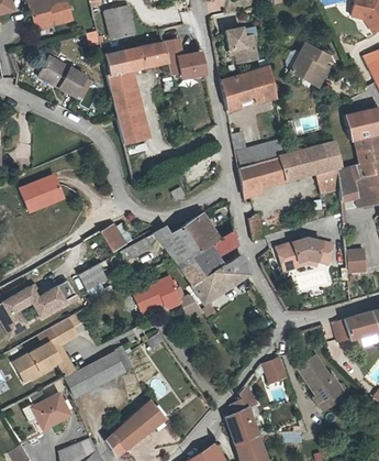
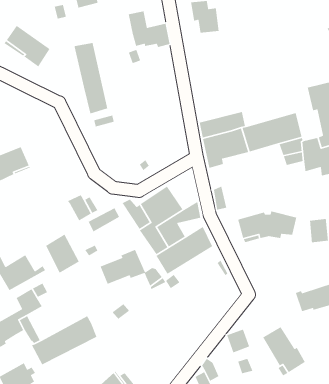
building: [104,42,167,74] -> none
building: [285,46,326,88] -> none
building: [221,69,276,111] -> none

